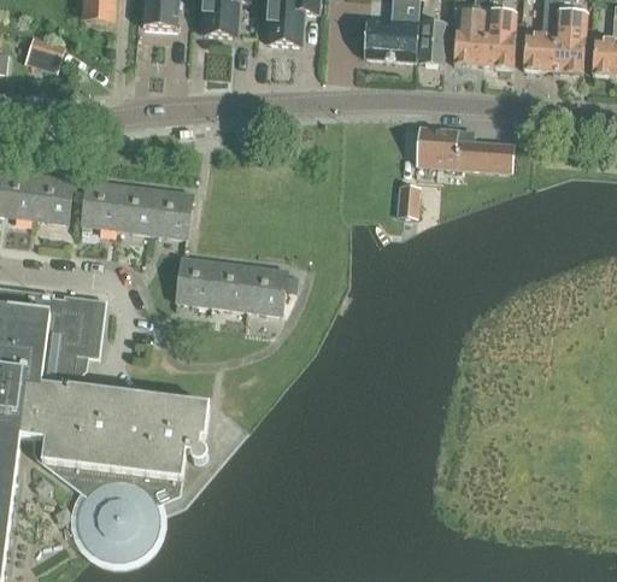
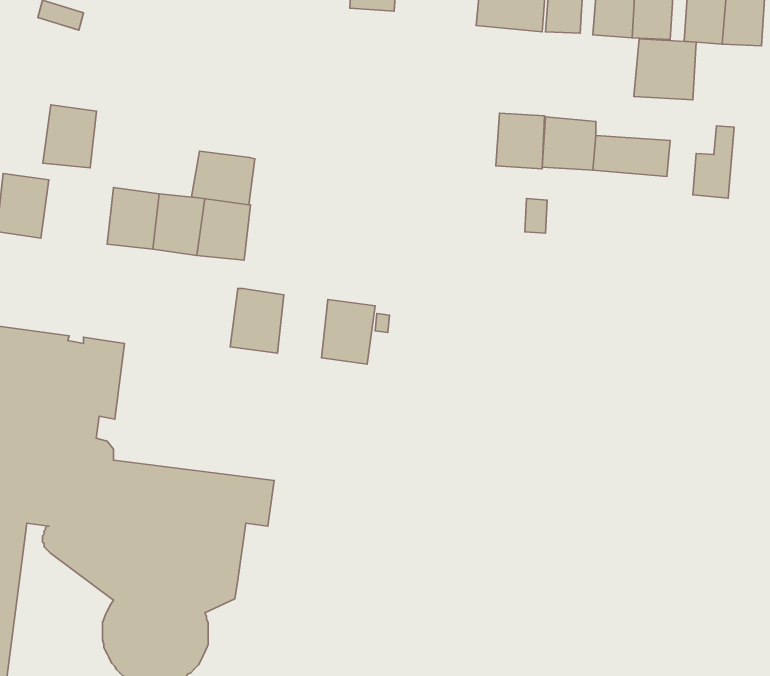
building: none -> [634,39,696,100]
building: none -> [496,113,545,169]
building: none -> [693,126,734,198]
building: none -> [191,151,255,205]
building: [31,174,72,222] -> [43,105,97,168]
building: [212,261,251,310] -> none

